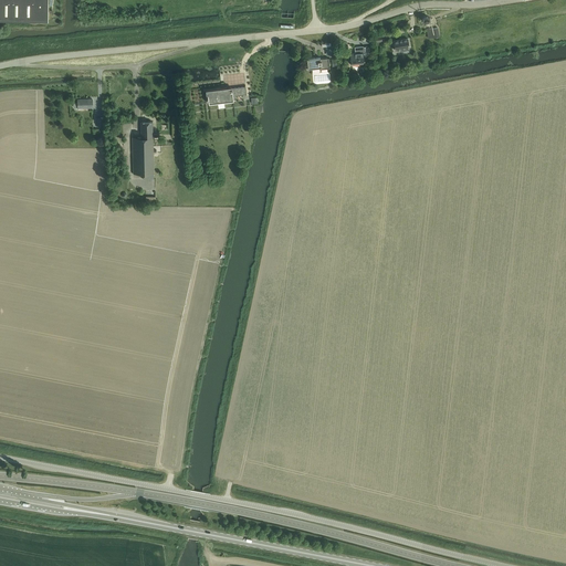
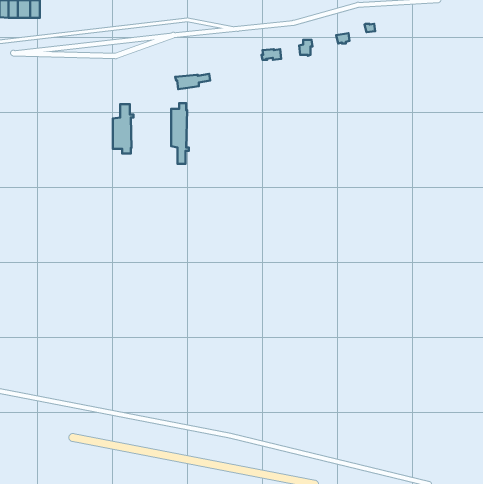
building: none -> [171,103,189,164]

